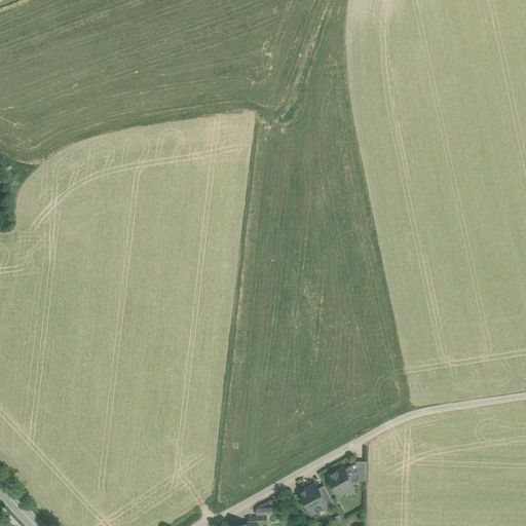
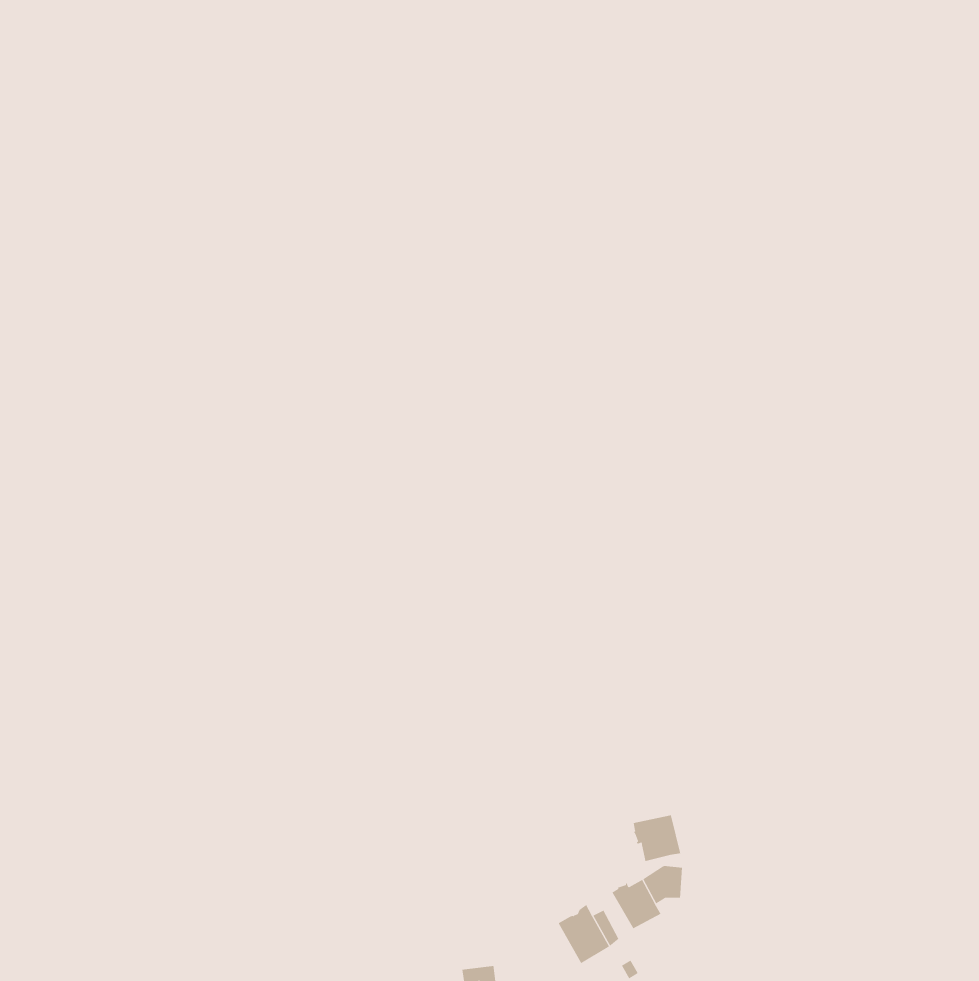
building: none -> [633,815,681,862]

